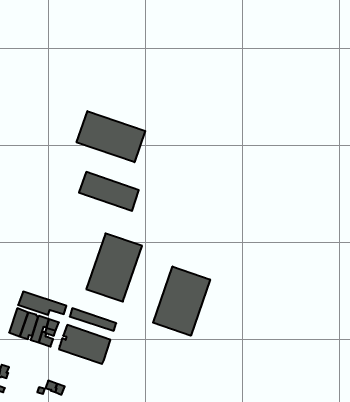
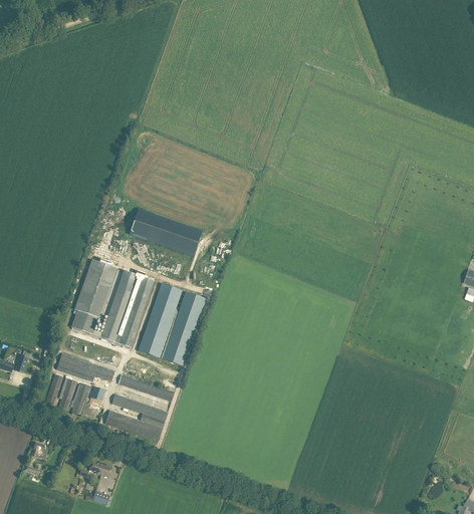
building: [77,111,145,162] -> none
building: none -> [70,259,154,347]
building: [153,266,210,336] -> none

